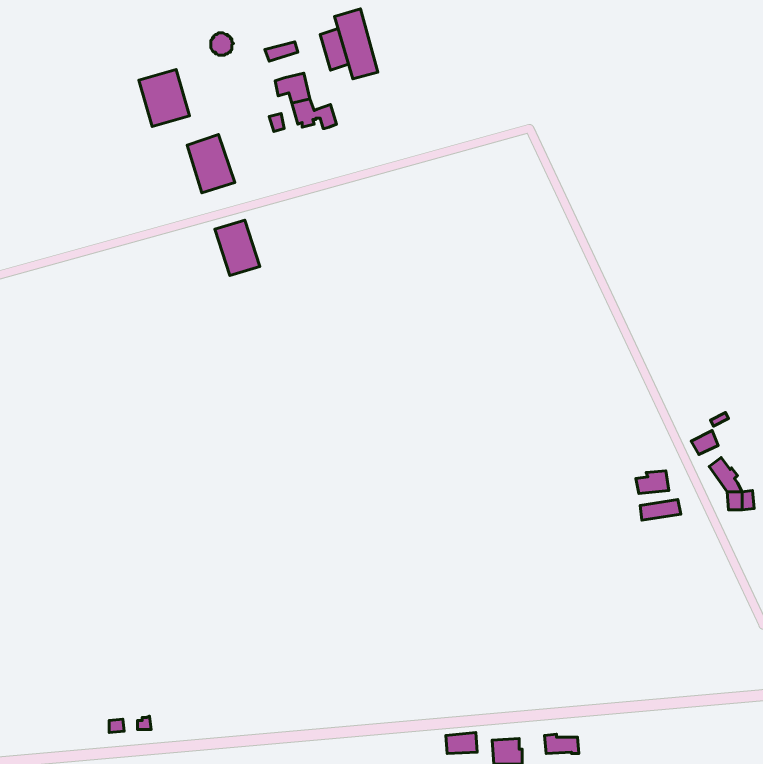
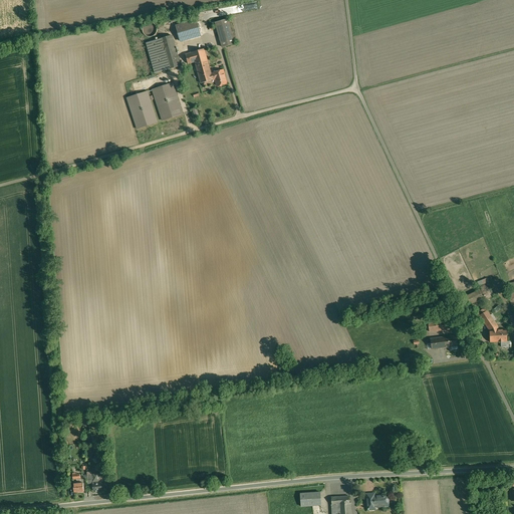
building: [335,9,378,79] -> none
building: [139,70,190,126] -> [146,35,180,73]
building: [215,220,260,276] -> [152,83,182,120]

